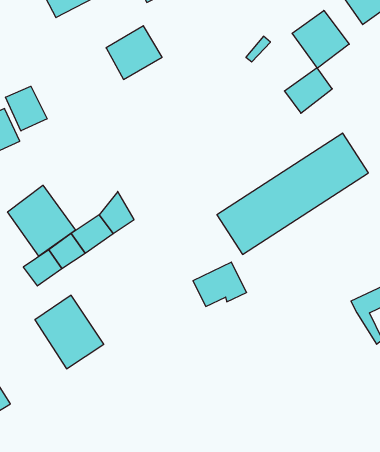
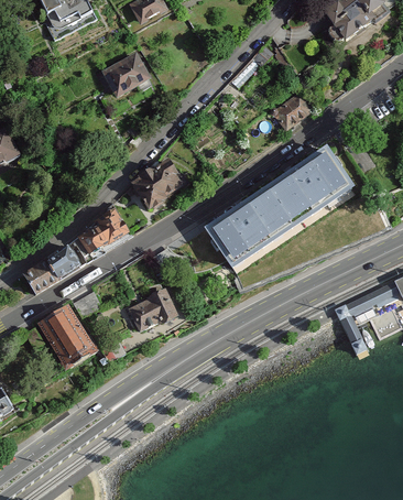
building: [292,10,349,68] -> none
building: [6,86,47,131] -> none
building: none -> [130,159,185,214]
building: [8,185,76,256] -> none
building: [193,262,247,306] -> [129,289,179,330]

